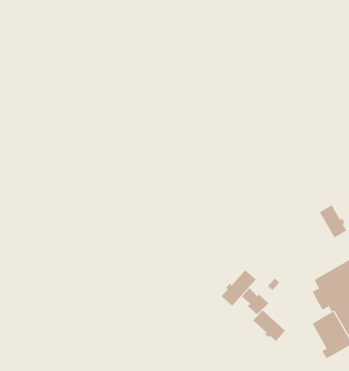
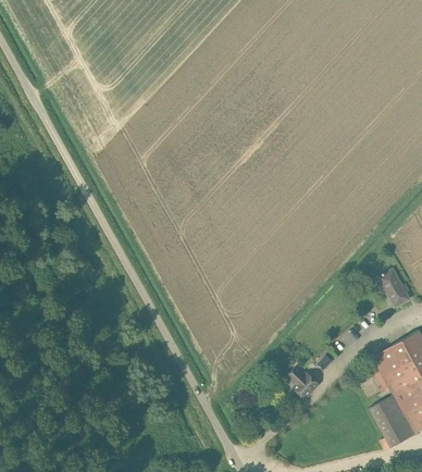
building: [221,269,257,306] -> none
building: [253,310,286,342] -> none

